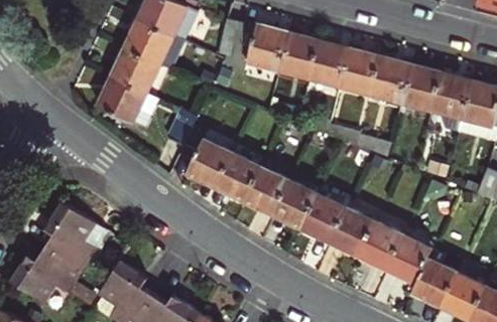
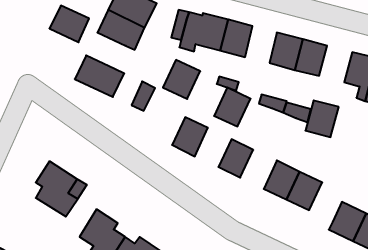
building: [305,38,345,84] -> none
building: [108,46,157,92] -> [49,6,89,42]
building: [397,62,439,108] -> [305,100,339,137]
building: [184,137,231,185] -> [163,60,200,99]
building: [243,164,288,212] -> [214,87,251,126]
building: [299,191,345,239] -> none
building: [385,231,430,280] -> none
building: [12,251,83,306] -> none

